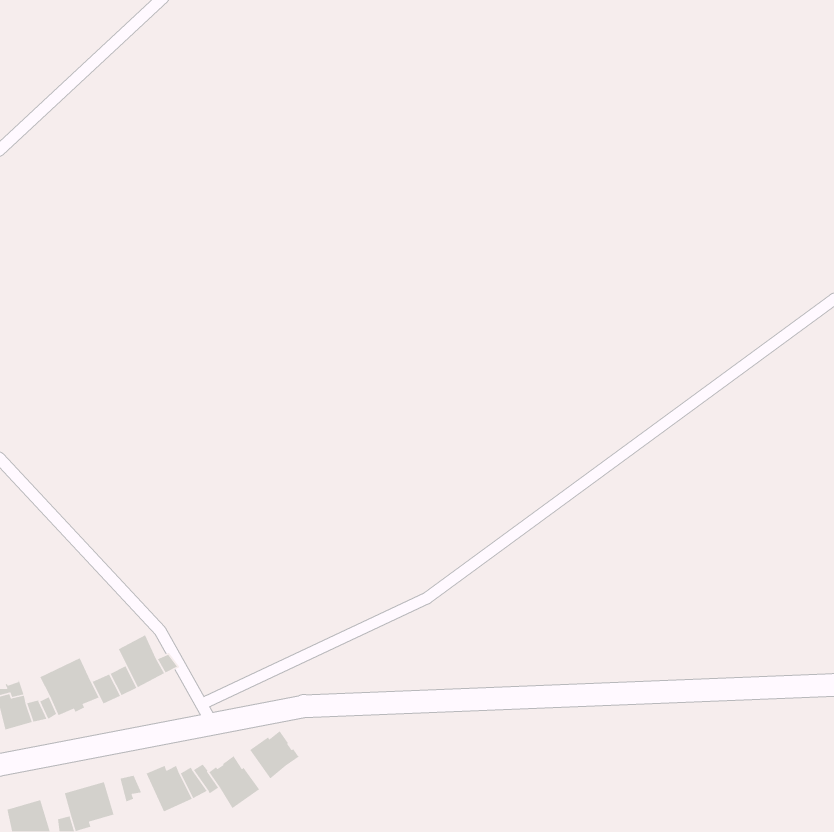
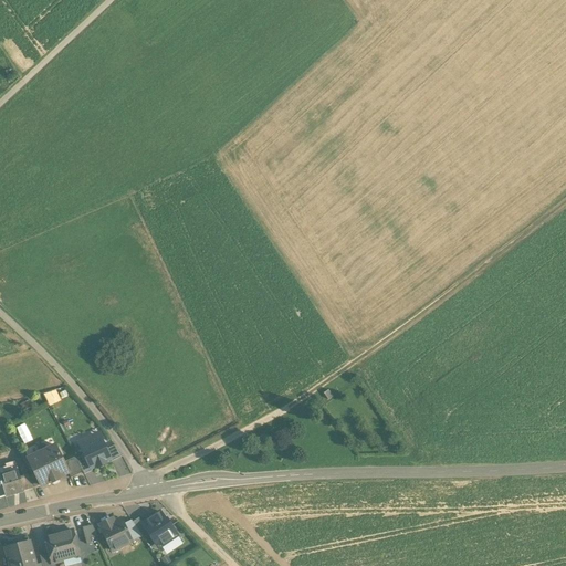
building: [249,730,300,780] -> none

